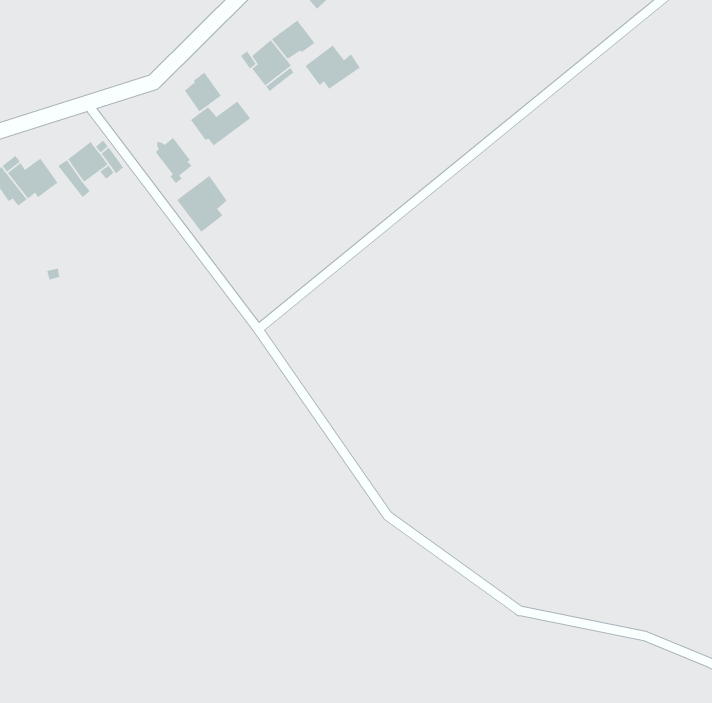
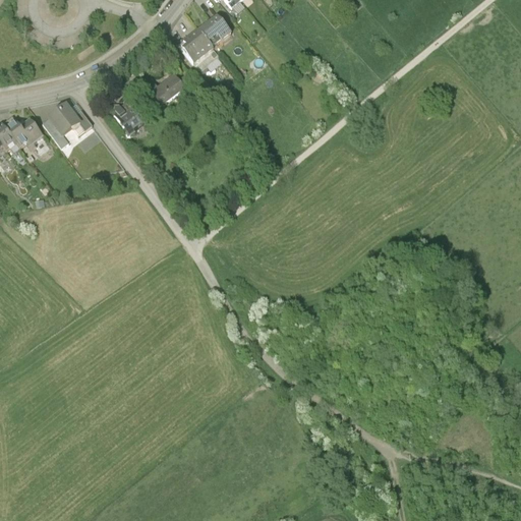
building: [304,44,361,90] -> none
building: [184,71,222,113] -> none
building: [176,175,228,233] -> none

